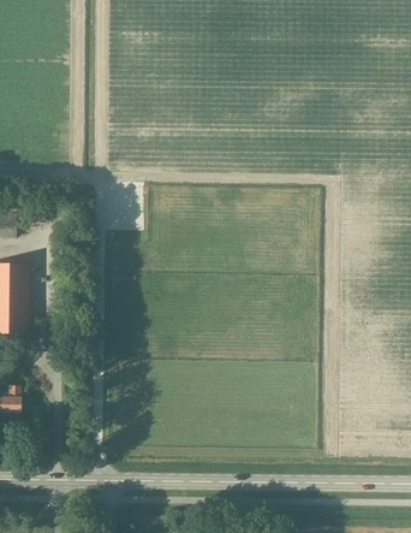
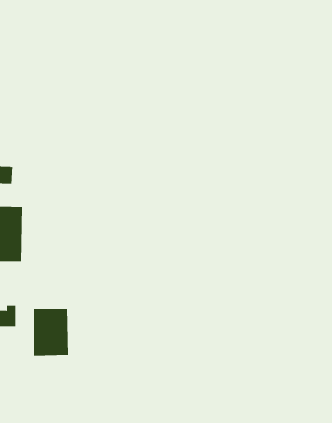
building: none -> [33,308,69,356]

